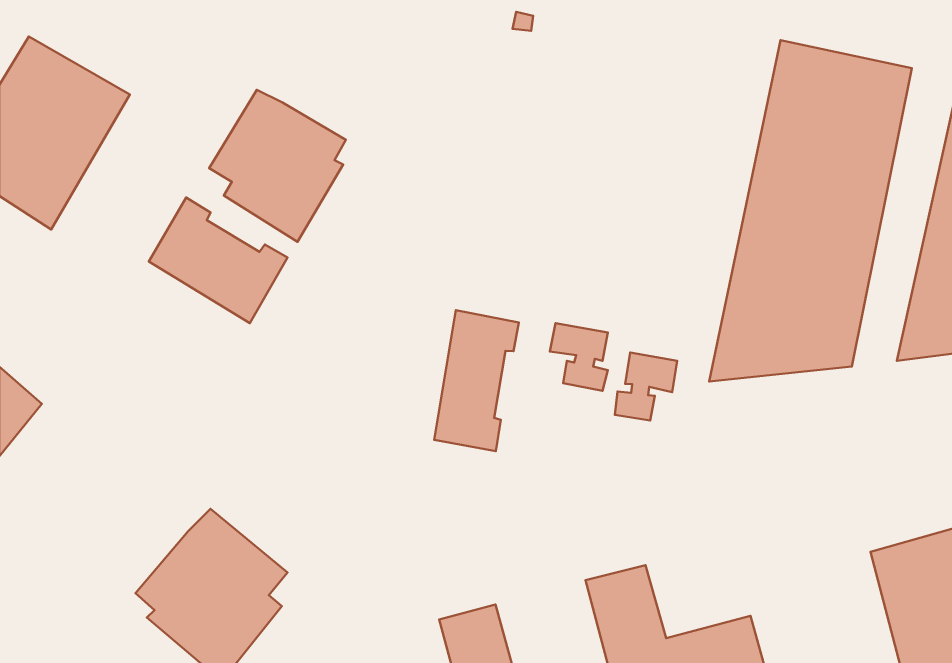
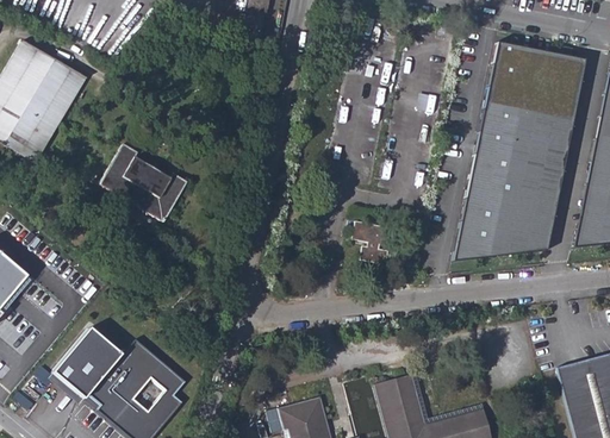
building: [209,90,346,242] -> none
building: [434,310,519,451] -> none
building: [615,353,677,421] -> none
building: none -> [51,327,123,400]

